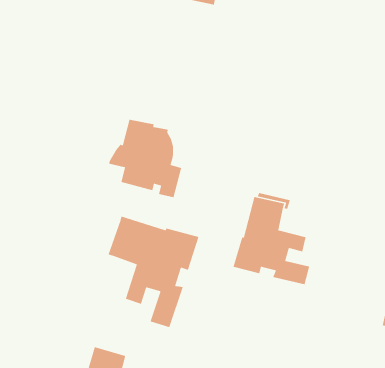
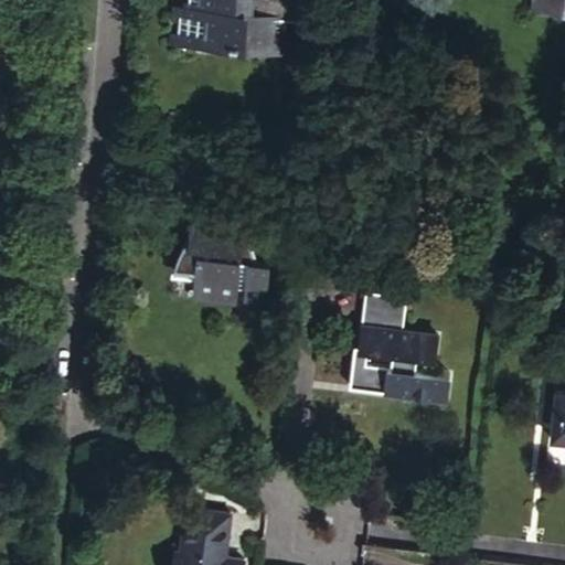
building: [108,215,200,328] -> none

